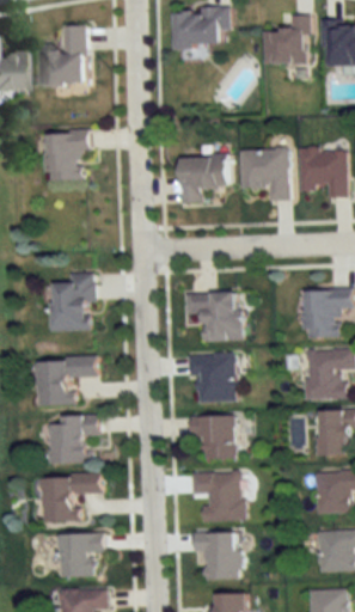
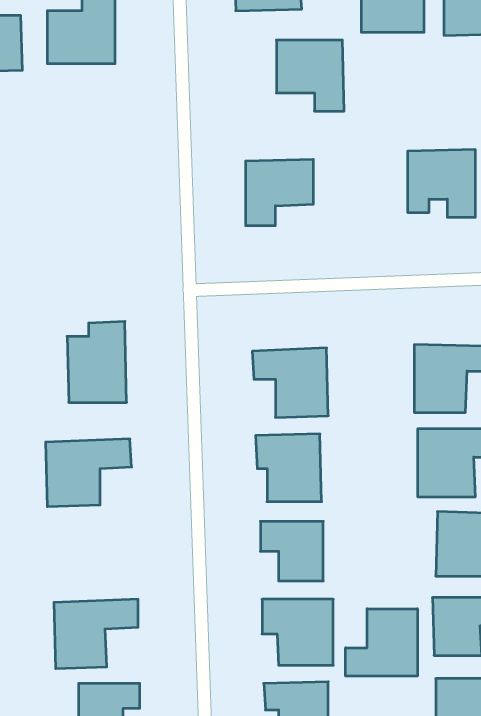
building: [47,130,90,178] -> none
building: [240,148,289,200] -> [276,40,344,111]
building: [50,415,100,463] -> none
building: none -> [346,609,417,676]

